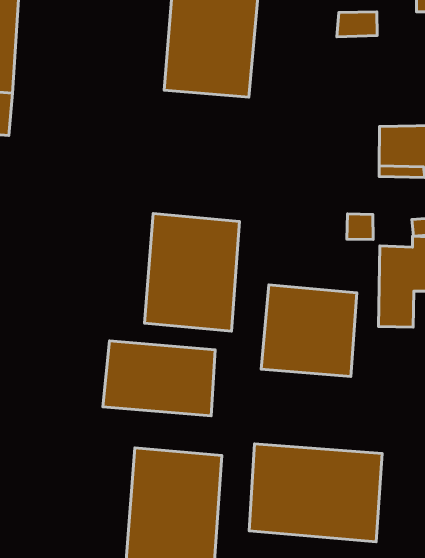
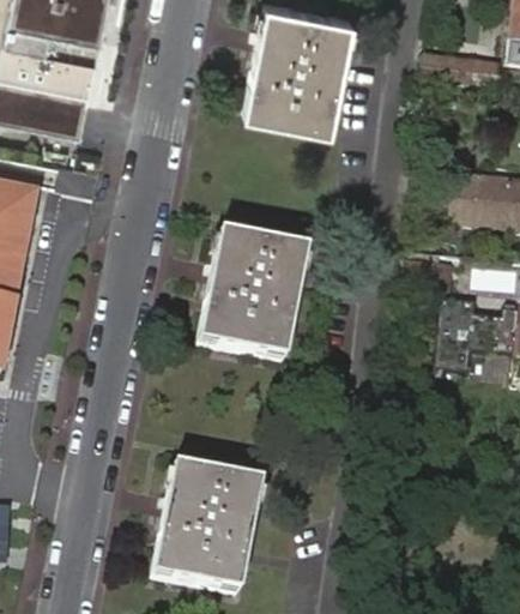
building: [261,285,357,376] -> none
building: [103,341,215,416] -> none
building: [249,444,382,542] -> none

